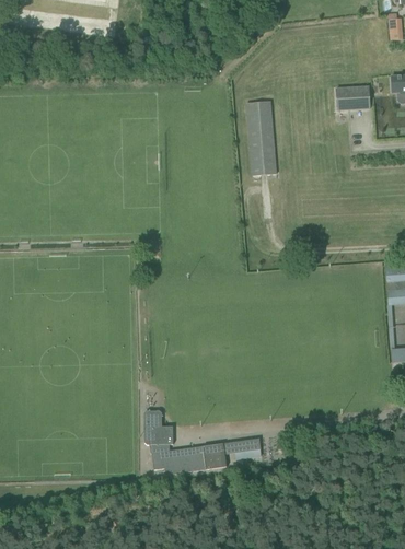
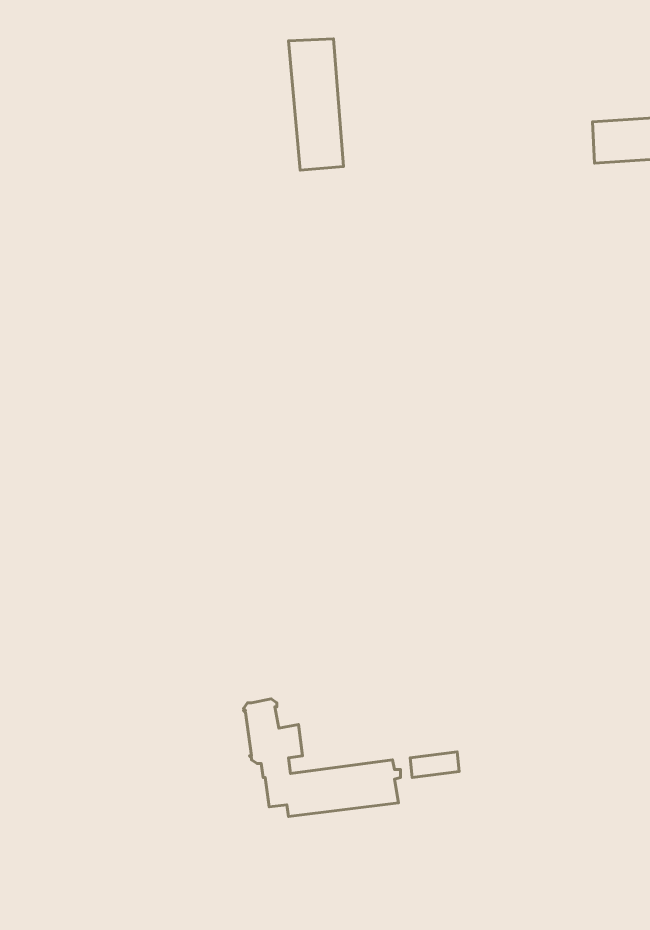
building: [246,102,277,175] -> [289,39,343,170]

